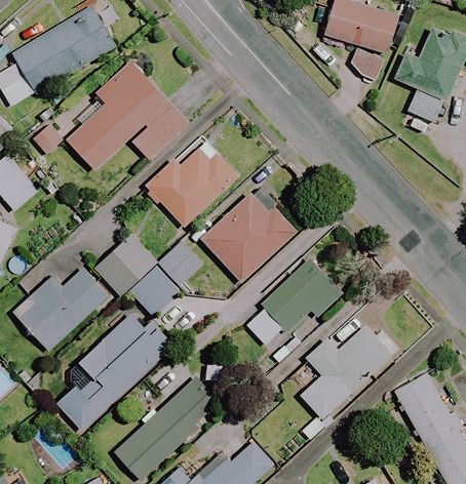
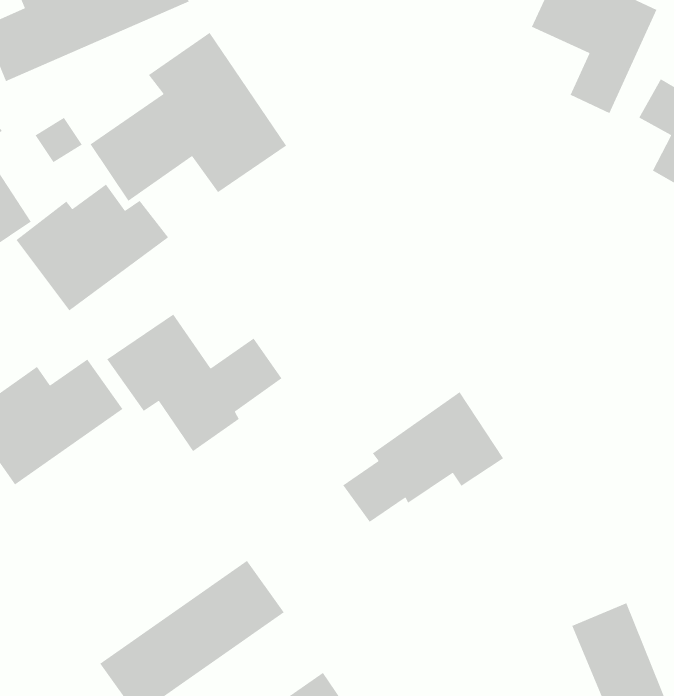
building: [146,148,238,228] -> [16,183,169,312]
building: [201,194,297,282] -> none
building: [57,315,173,430] -> none
building: [300,322,395,441] -> none

